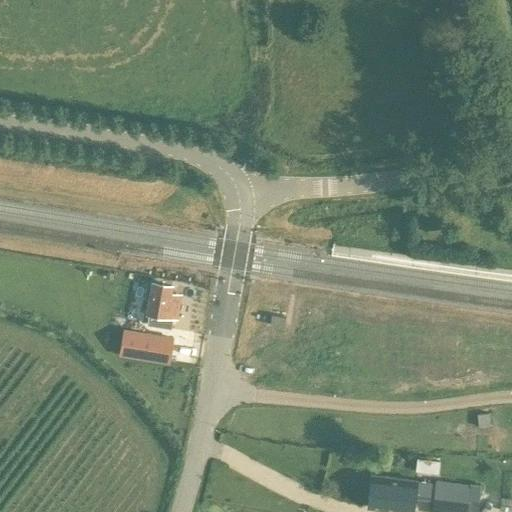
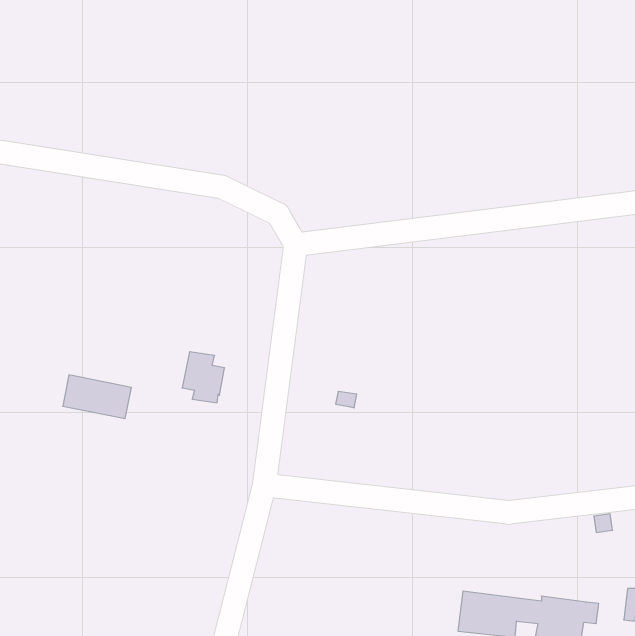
building: [120,331,175,366] -> [63,375,131,419]

